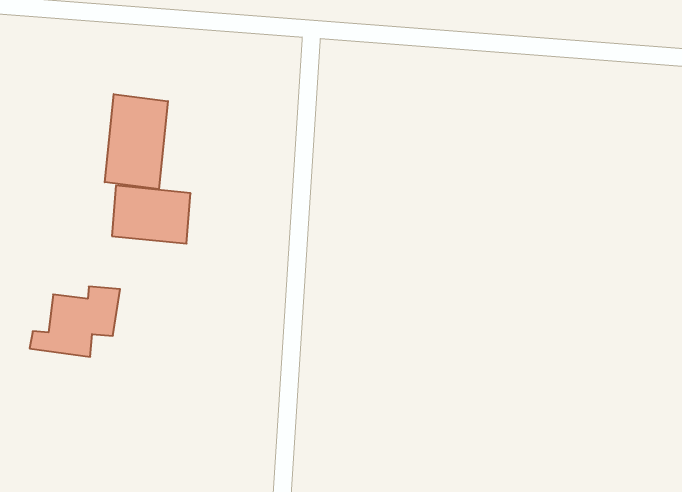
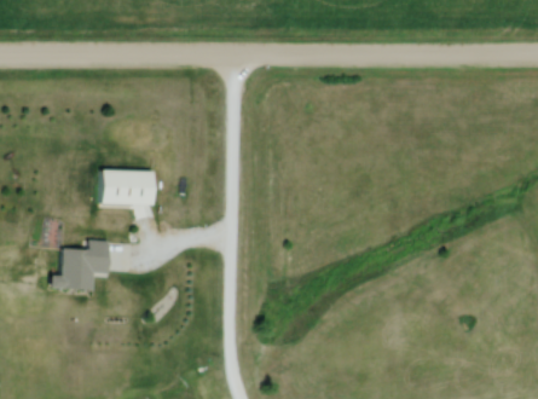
building: [105,94,168,189] -> none

